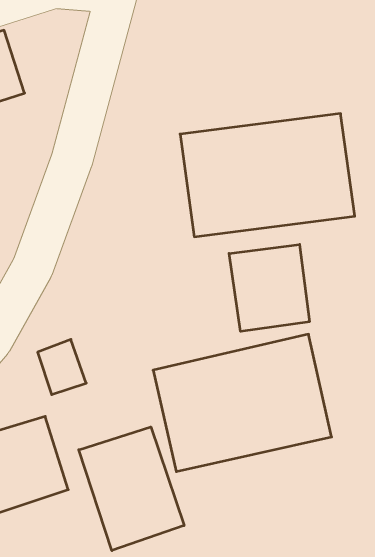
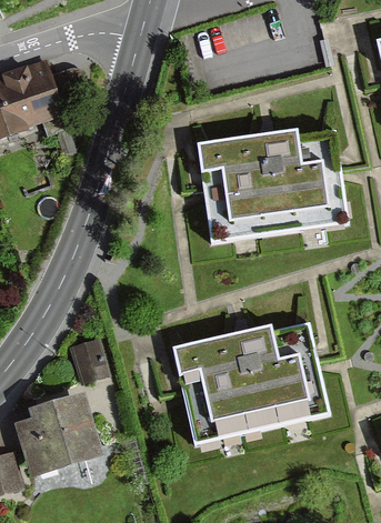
building: [229,244,309,331] -> none
building: [79,427,184,551] -> none

